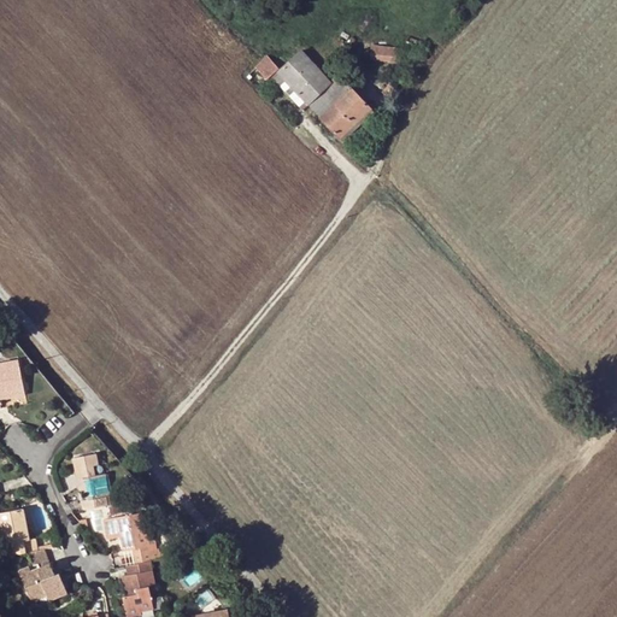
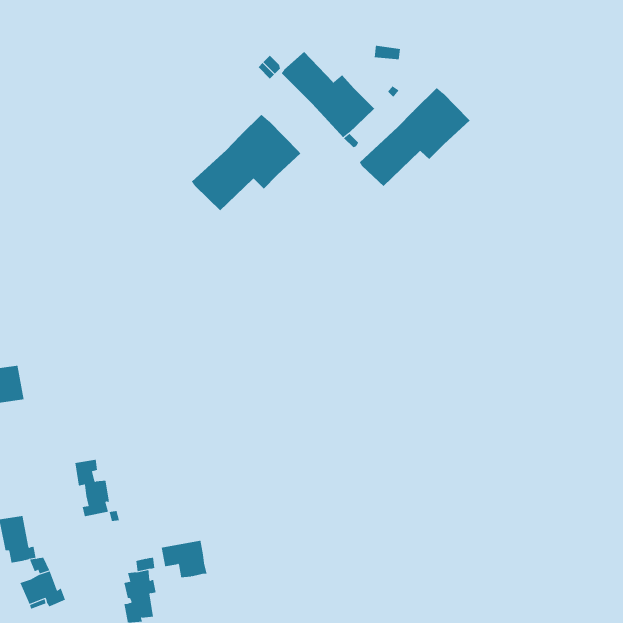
building: none -> [359,87,470,187]
building: none -> [191,114,301,211]
building: [102,512,148,550] -> [161,540,207,578]

